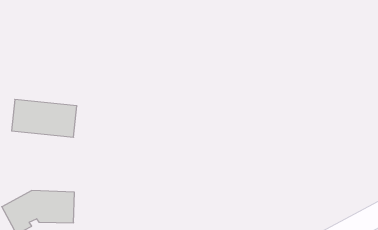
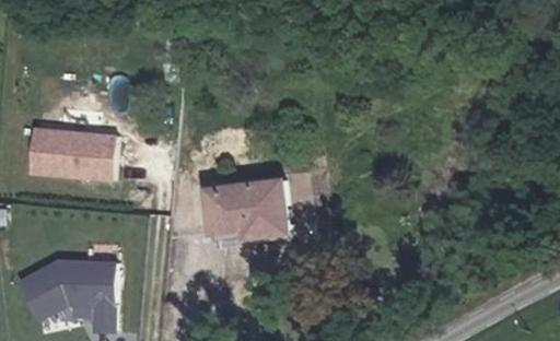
building: none -> [203,174,294,237]

